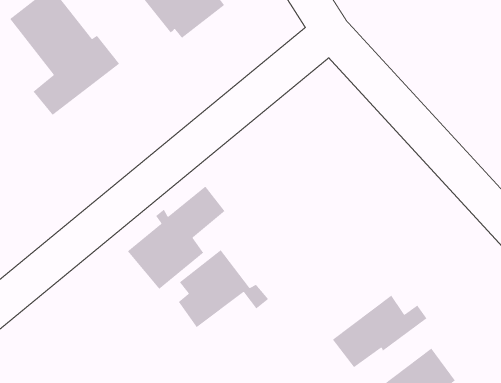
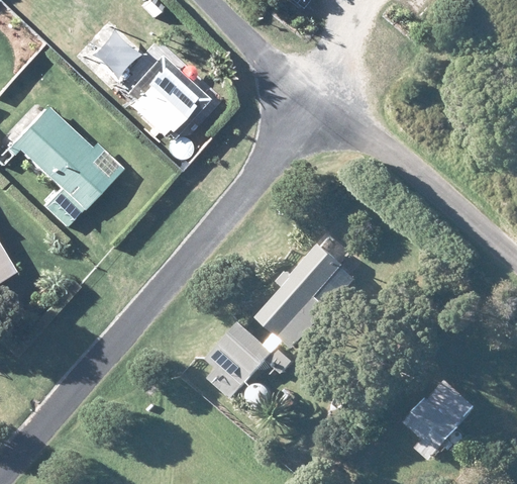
building: [127,186,226,290] -> [256,244,340,346]
building: [332,295,428,368] -> none

